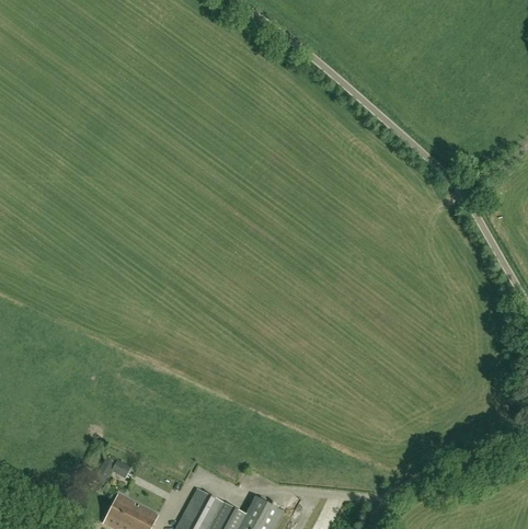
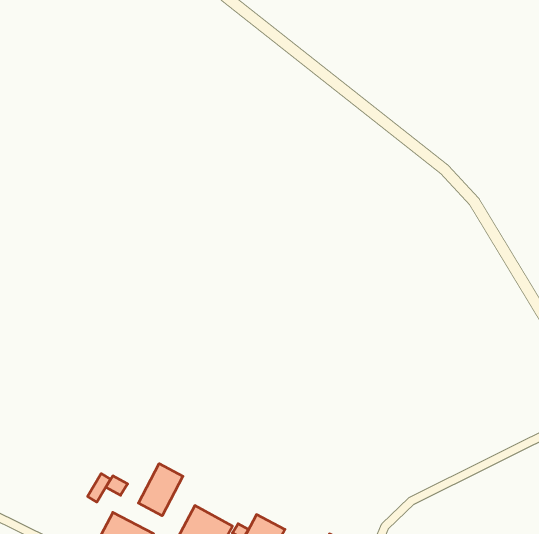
building: none -> [138,464,183,516]

